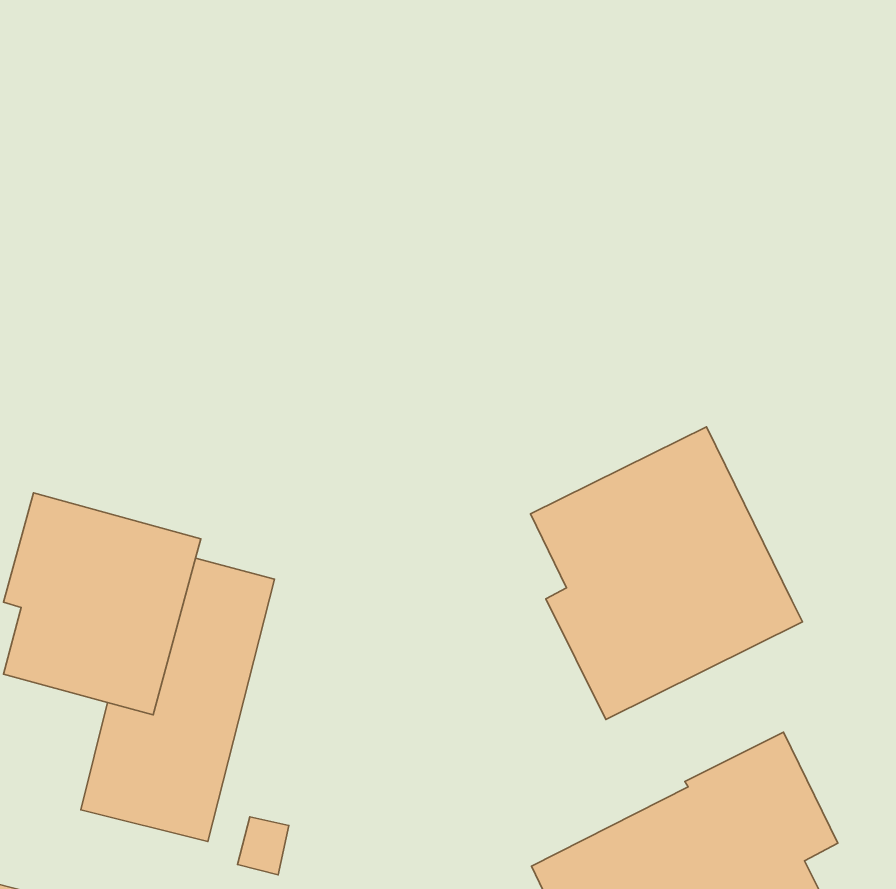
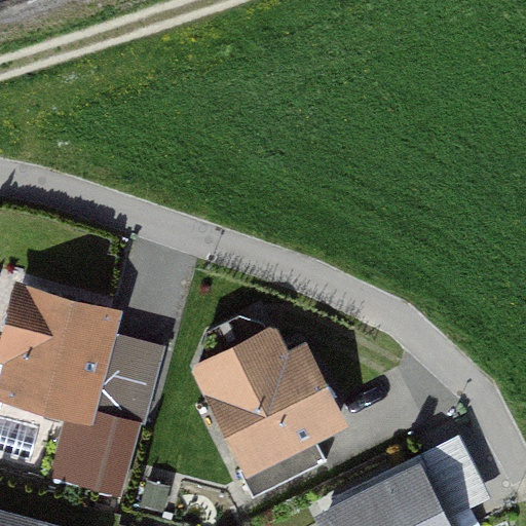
building: [530,427,802,719] -> none
building: none -> [188,320,346,501]

